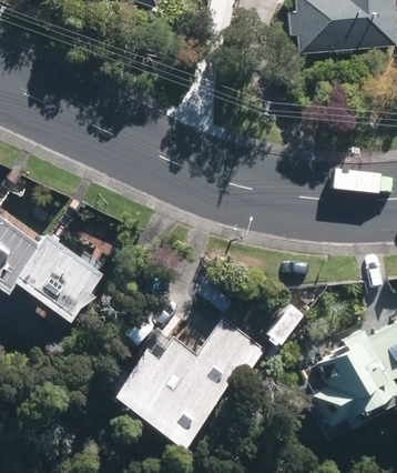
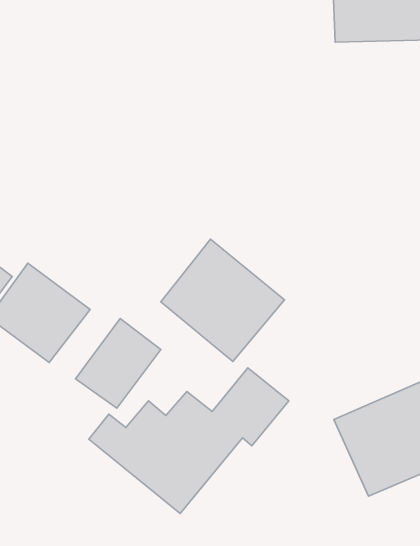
building: none -> [161,239,284,361]
building: none -> [75,319,161,408]

